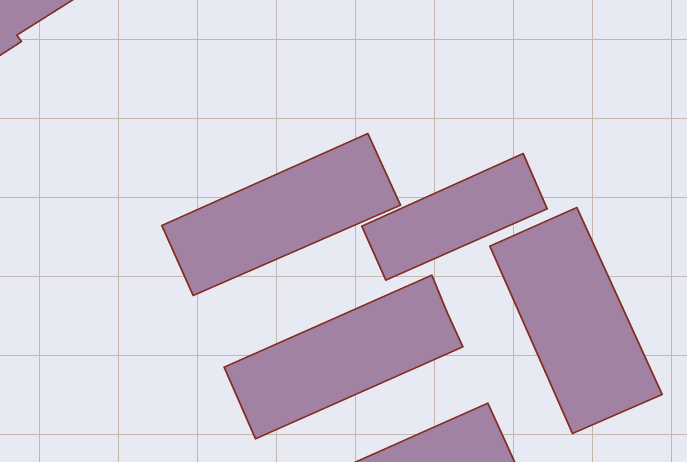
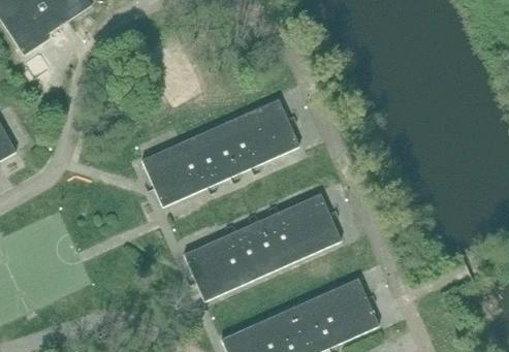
building: [362,153,547,280] -> none
building: [490,207,662,433] -> none

